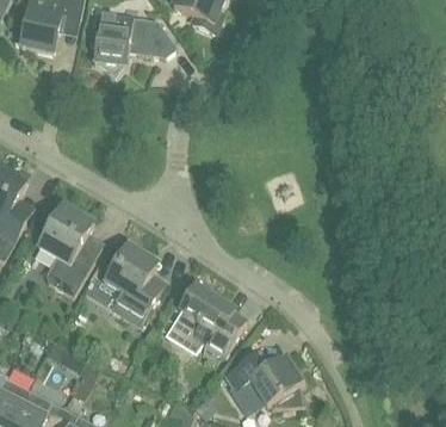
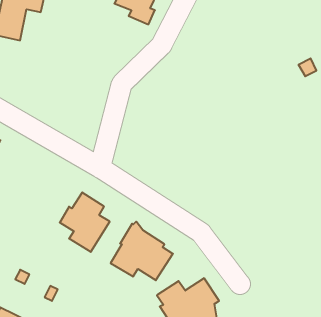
building: [89,14,178,76] -> none
building: [37,200,94,293] -> none

